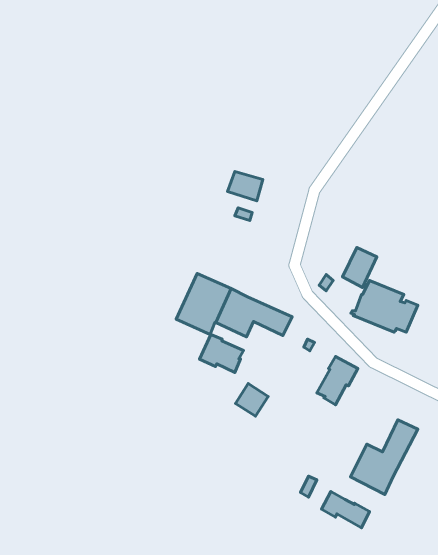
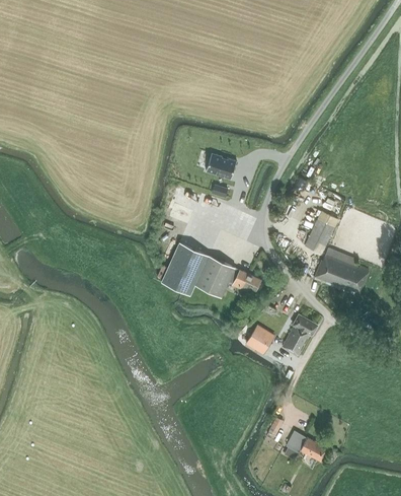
building: [200,335,244,372] -> none
building: [235,383,268,416] -> [245,325,273,353]
building: [350,420,418,494] -> none

